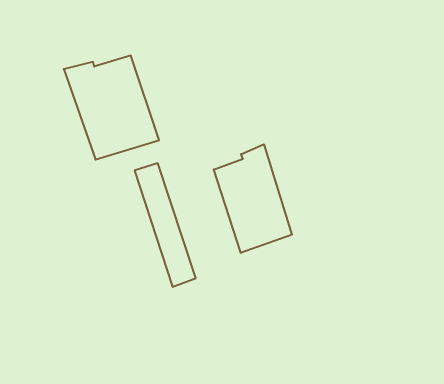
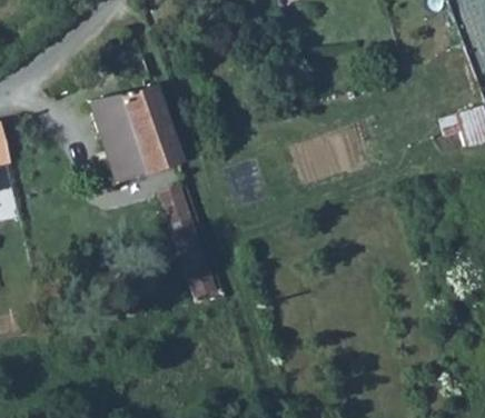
building: [214,144,292,253] -> none

